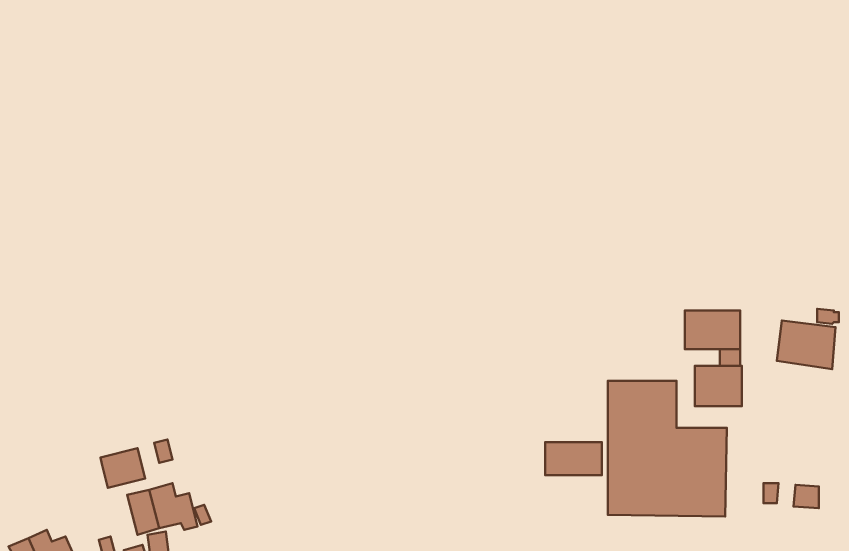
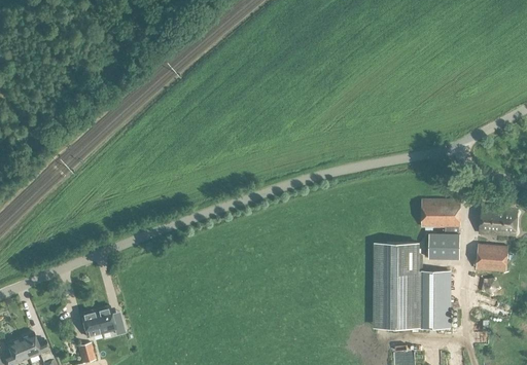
building: none -> [475,244,506,272]
building: [545,442,602,475] -> none
building: [100,448,145,488] -> none

